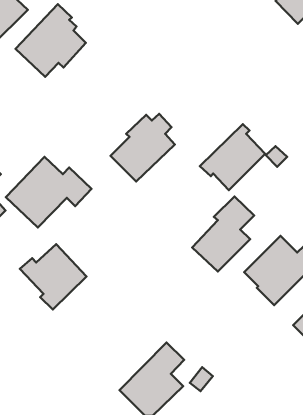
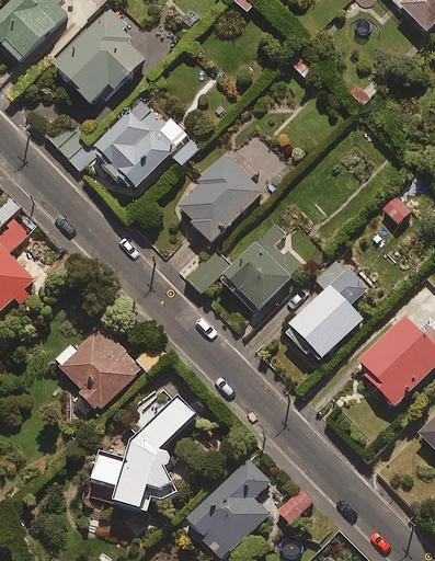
building: [200,124,265,190] -> [218,224,305,311]
building: [6,157,92,228] -> [88,99,202,193]
building: none -> [95,381,198,513]

